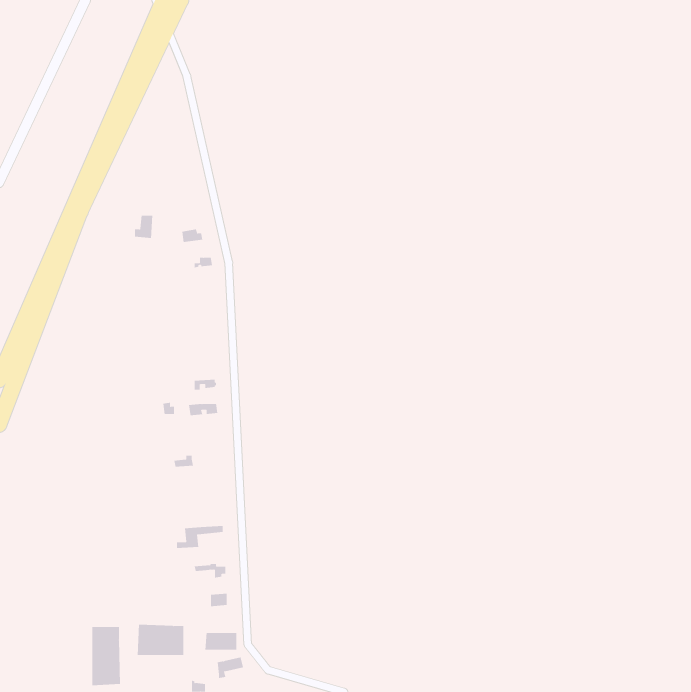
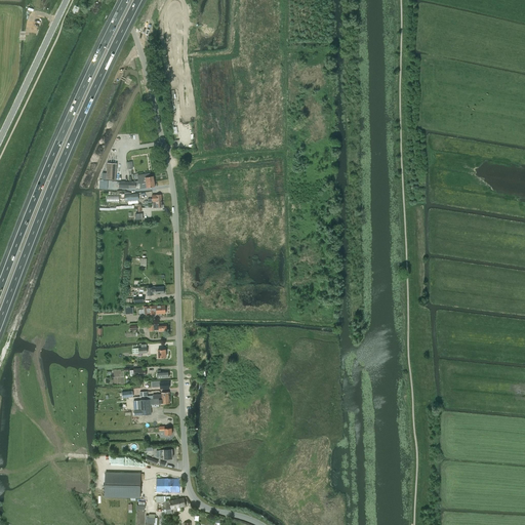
building: [92,626,121,686] -> none

